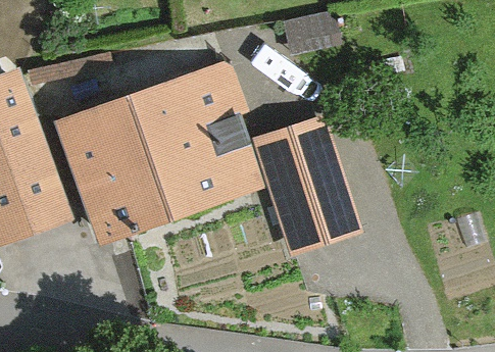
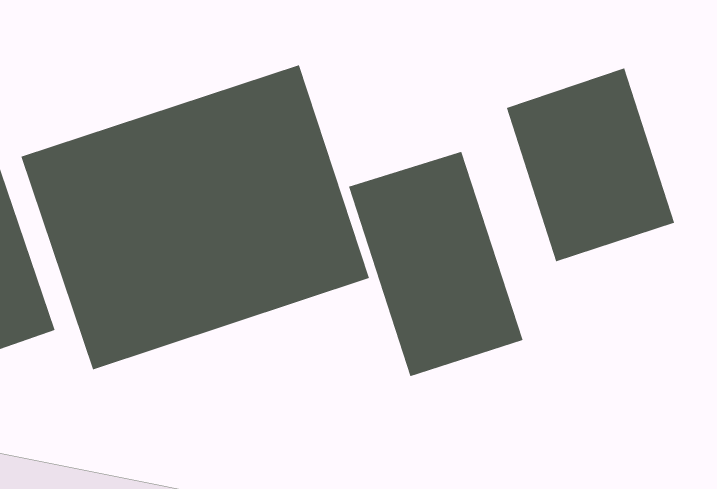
building: none -> [506,68,675,262]

